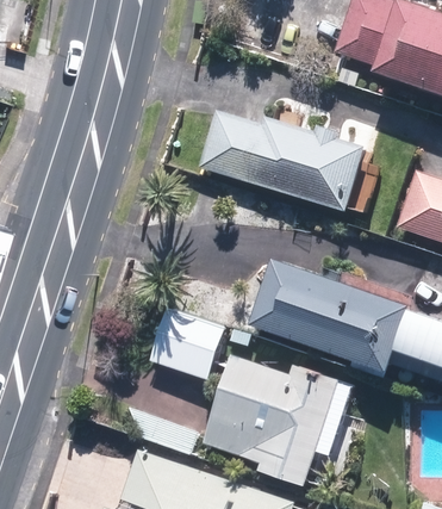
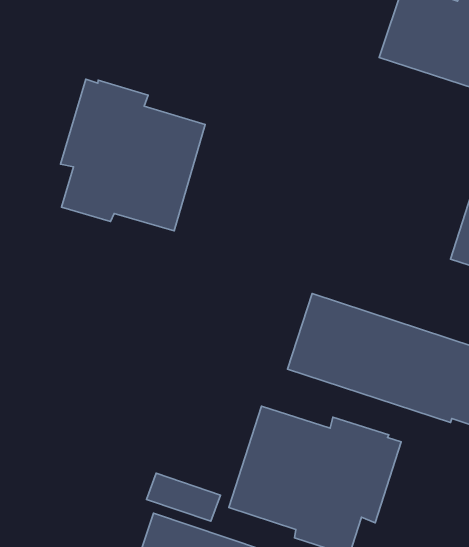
building: none -> [61,79,205,231]
building: [198,113,367,212] -> none
building: [151,311,226,380] -> none

